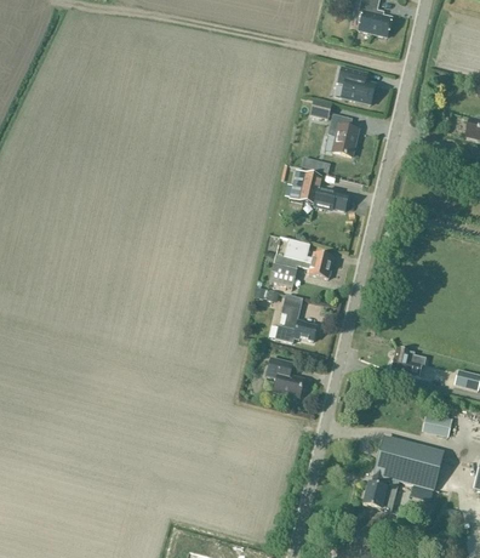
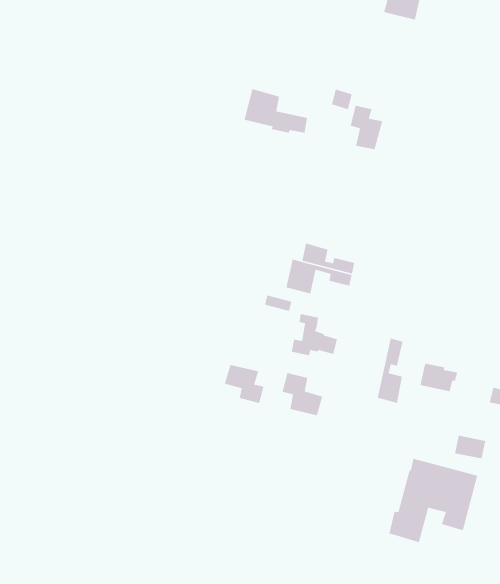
building: [337,66,376,103] -> none
building: [290,167,348,209] -> [244,88,308,134]
building: none -> [377,338,403,404]
building: none -> [224,364,265,404]

